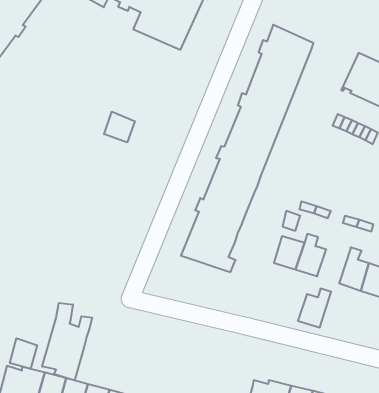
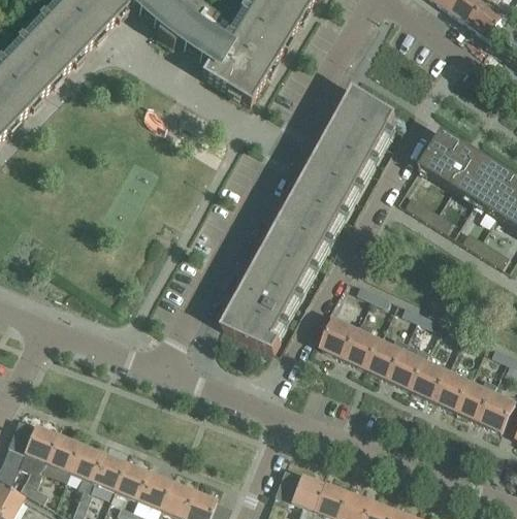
building: [104,112,135,142] -> none
building: [298,289,331,328] -> [364,334,405,377]
building: [42,303,92,381] -> none
building: [10,338,37,369] -> none

